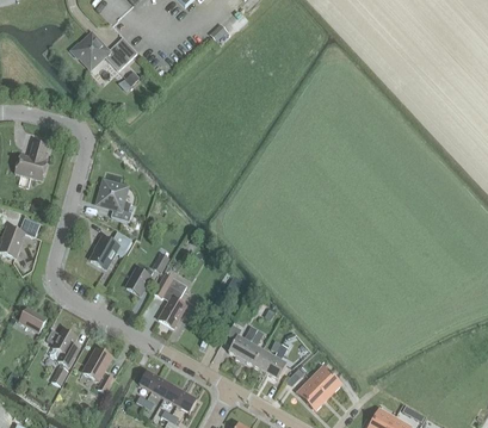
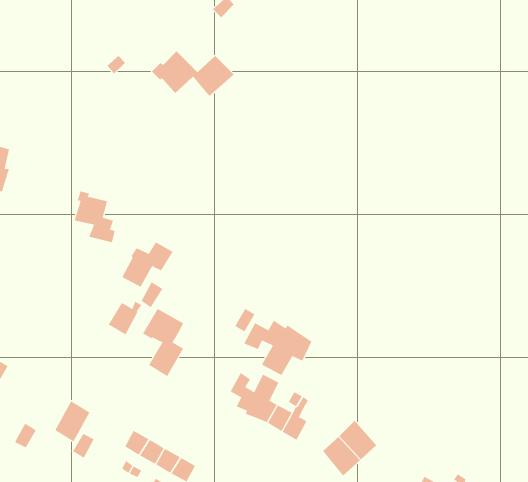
building: [70,33,137,70] -> [151,51,235,97]
building: [89,231,131,268] -> [121,241,173,288]
building: none -> [243,320,312,376]
building: [49,329,76,366] -> none

